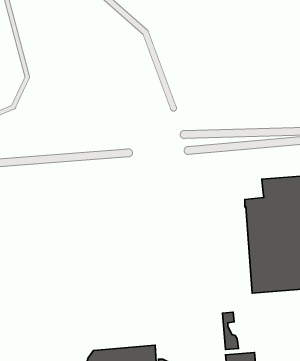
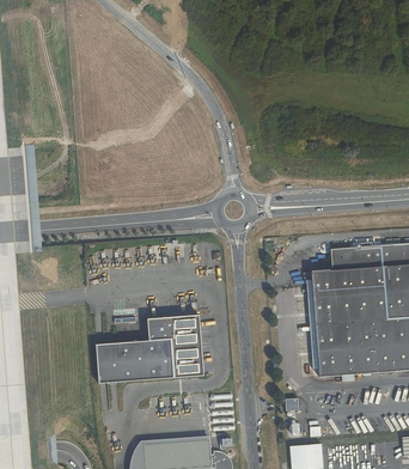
building: none -> [96,315,202,383]

